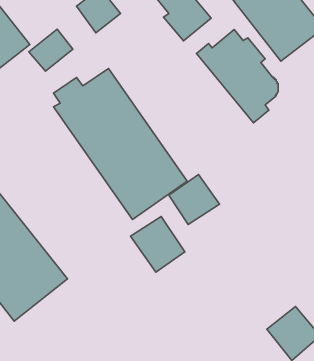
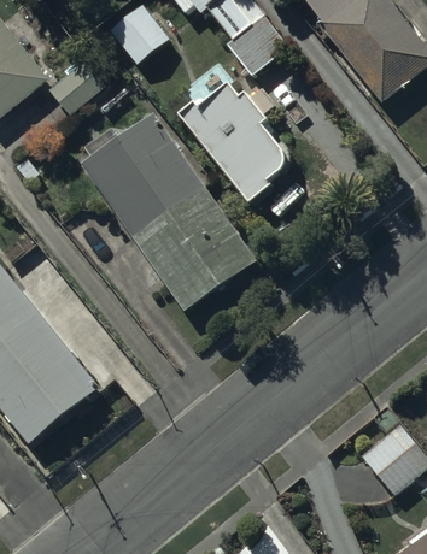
building: [197,30,278,123] -> [179,83,286,206]
building: [169,174,220,225] -> none
building: [130,217,185,272] -> none

